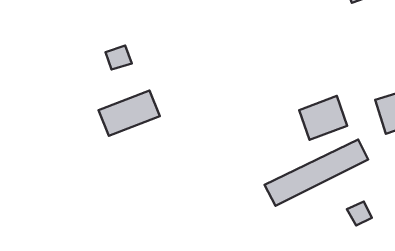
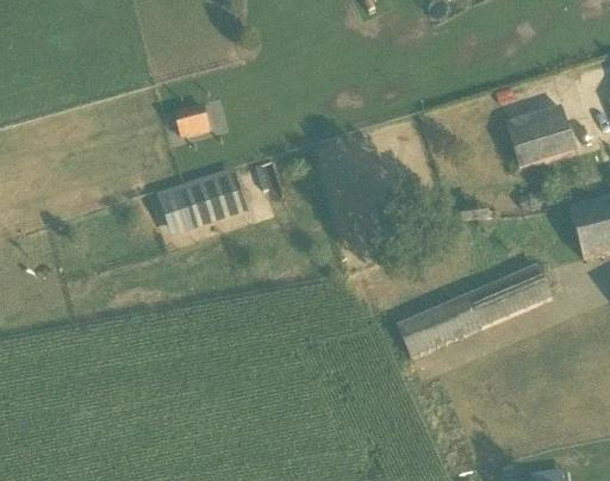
building: [299,96,347,140] -> [505,104,575,167]
building: [347,201,372,226] -> none

